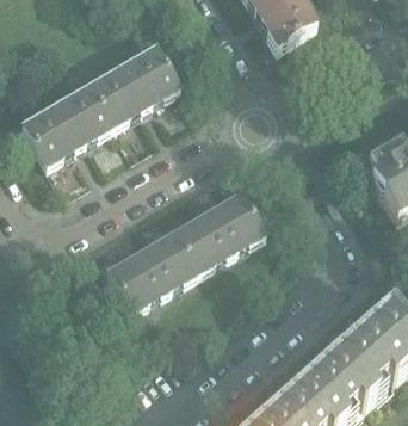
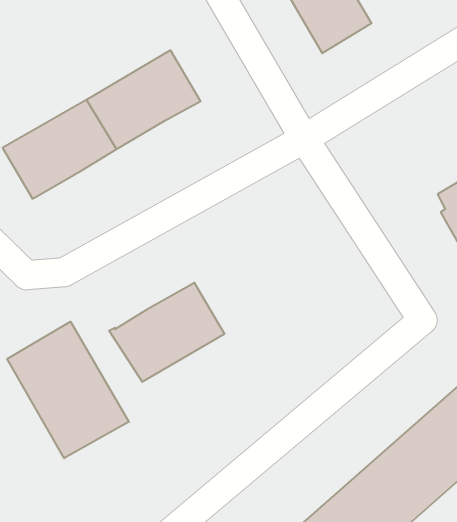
building: [174,189,265,268] -> none
building: none -> [7,322,129,458]

